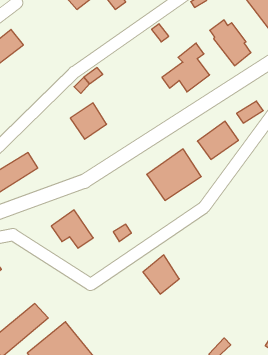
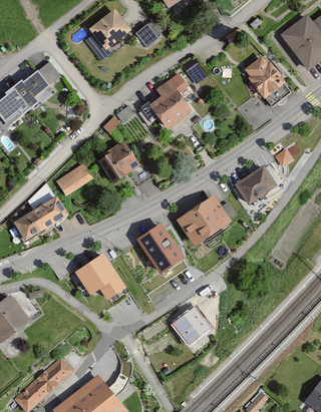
building: [162,43,210,92] -> [139,76,190,127]
building: none -> [57,167,89,195]
building: none -> [137,222,189,276]

